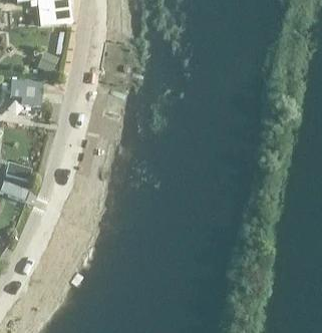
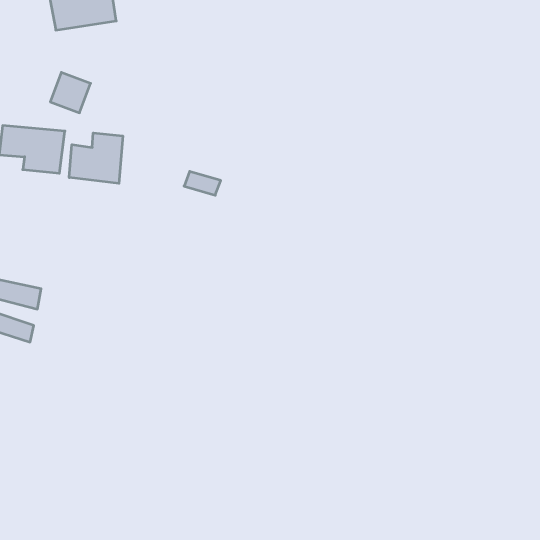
building: none -> [69,133,123,183]

